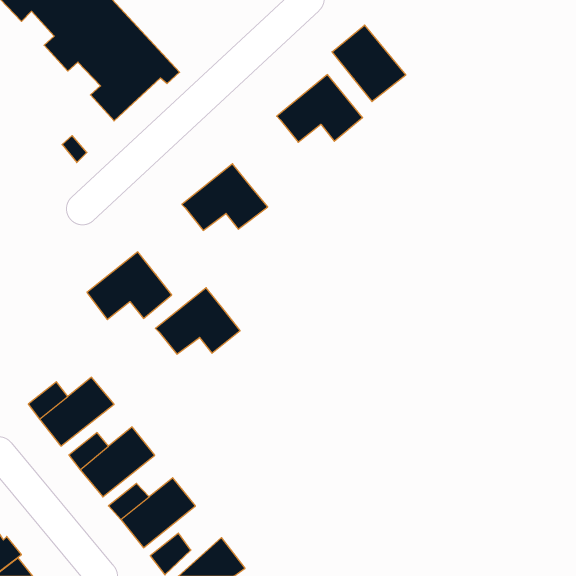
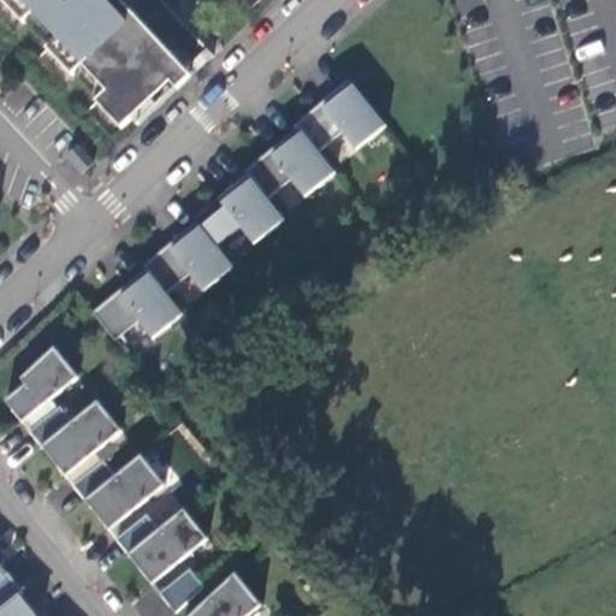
building: [332,25,406,102] -> none
building: none -> [244,128,336,199]
building: [155,288,240,354] -> [143,221,233,292]
building: none -> [6,348,78,421]

